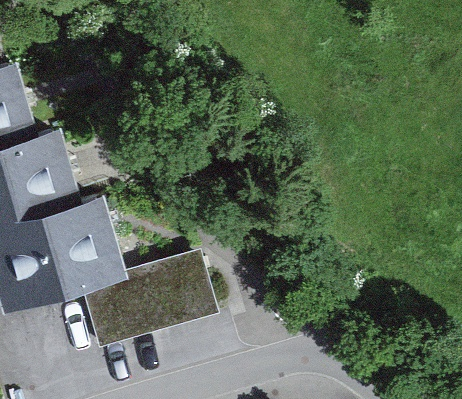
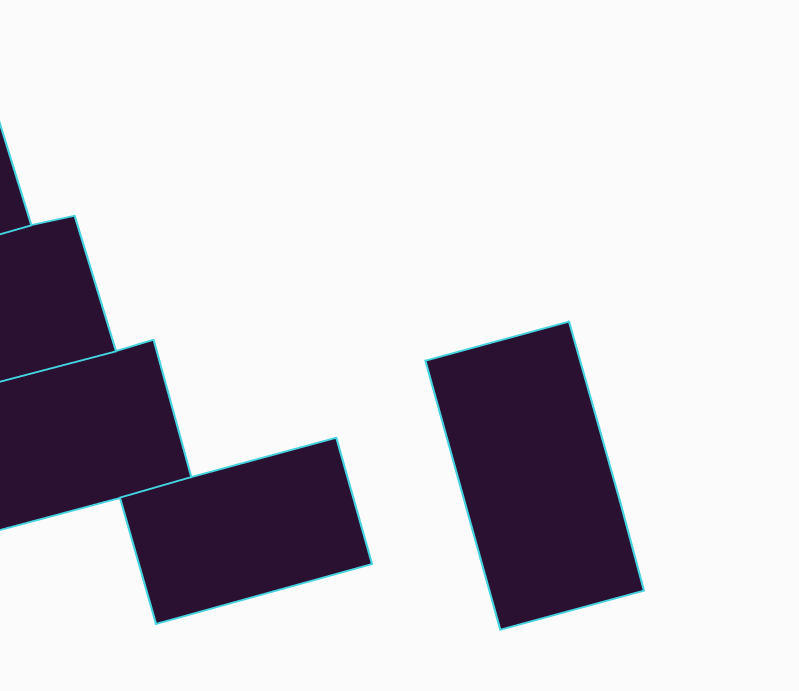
building: none -> [425,321,644,630]

